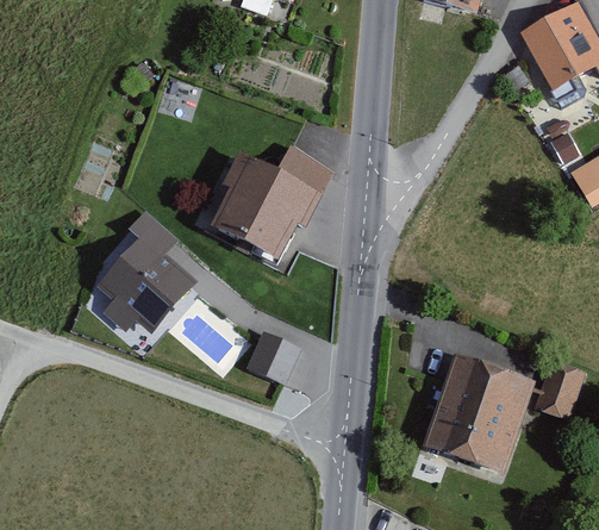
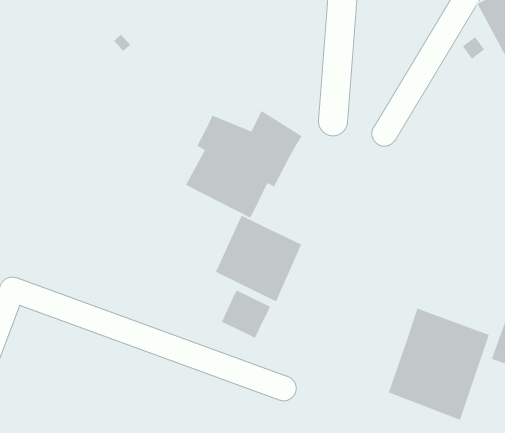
building: [96,210,195,330] -> none
building: none -> [215,215,302,302]

